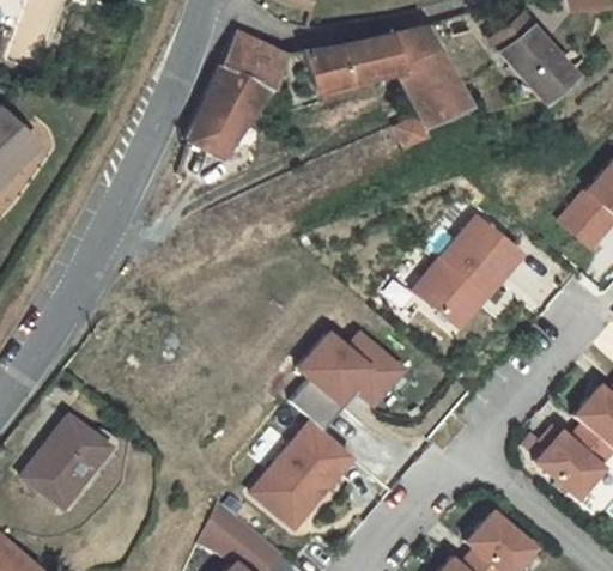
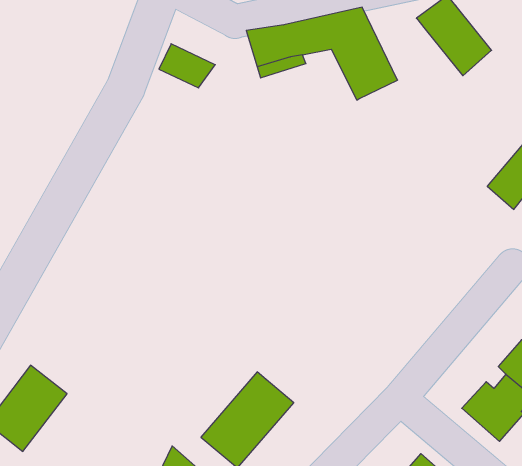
building: [221,31,286,90] -> none
building: [184,93,251,157] -> none
building: [417,217,522,322] -> none
building: [293,335,402,430] -> none

